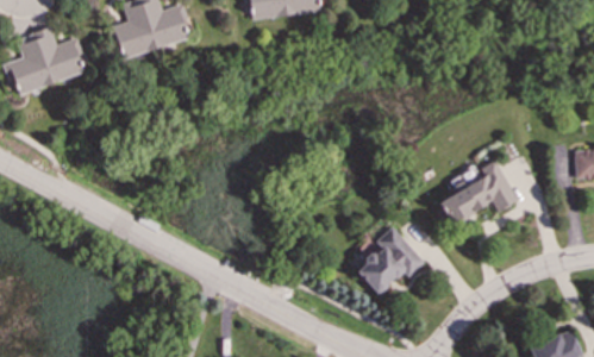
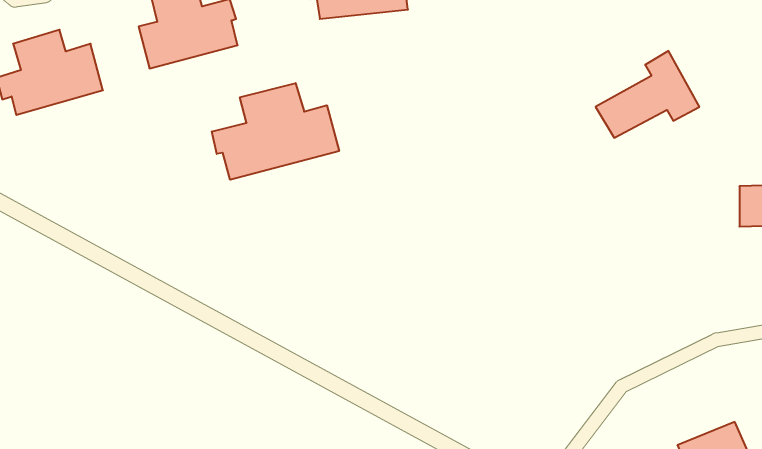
building: none -> [212,83,339,180]
building: [438,159,518,226] -> [596,51,699,138]
building: [356,227,425,295] -> none

